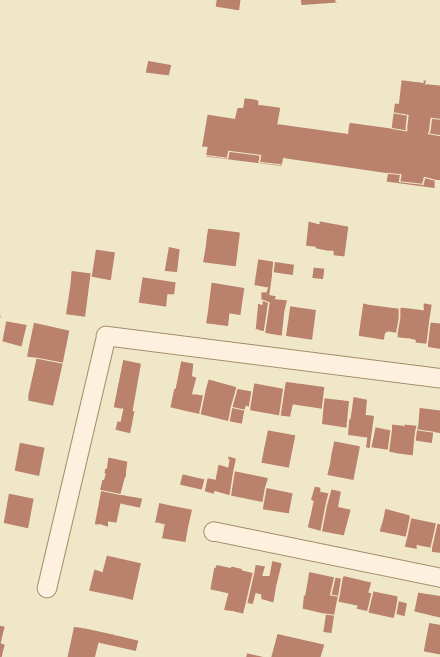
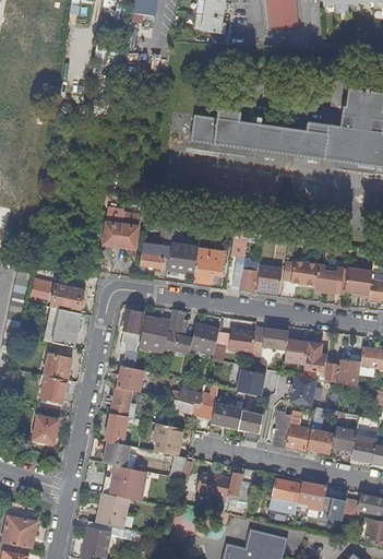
building: [305,221,349,257] -> [283,260,318,288]
building: [202,228,241,267] -> [167,242,198,273]
building: [65,270,91,317] -> [119,212,140,249]
building: none -> [139,317,170,352]
building: none -> [45,353,72,379]
building: none -> [117,365,143,391]
building: none -> [307,414,334,452]
building: none -> [103,440,130,466]
building: none -> [97,492,128,527]

